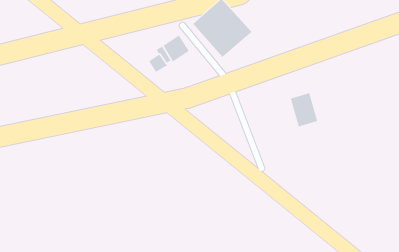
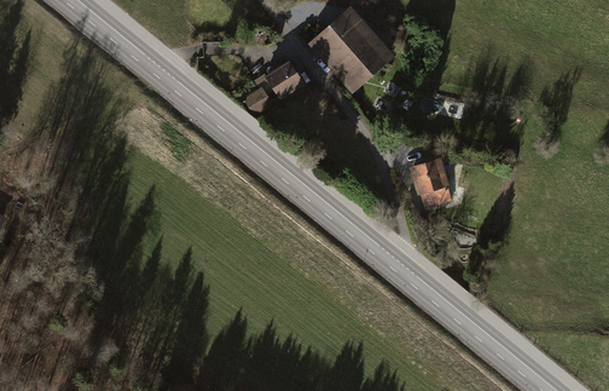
building: [290,92,318,127] -> [411,159,452,209]

